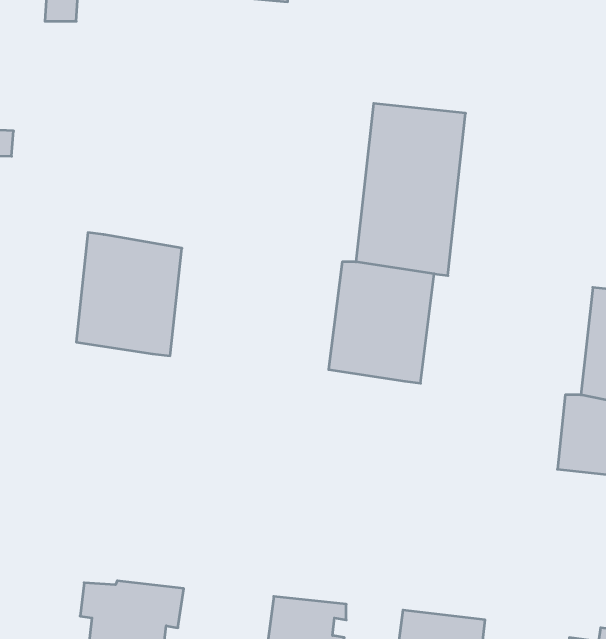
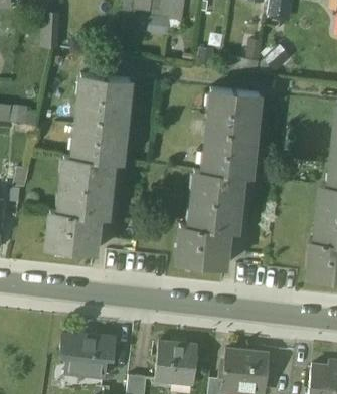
building: none -> [72,75,130,165]
building: none -> [46,211,98,254]
building: none -> [176,225,227,268]

